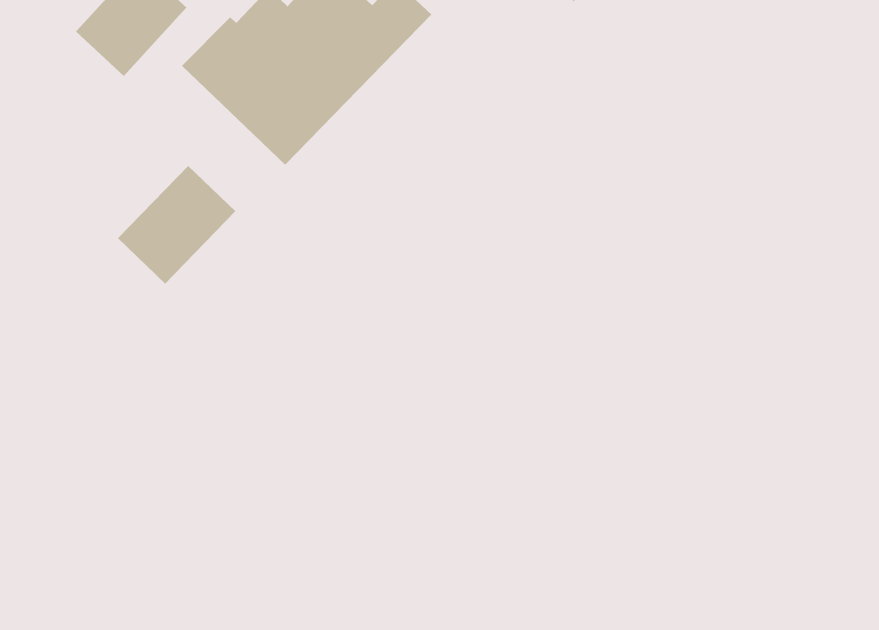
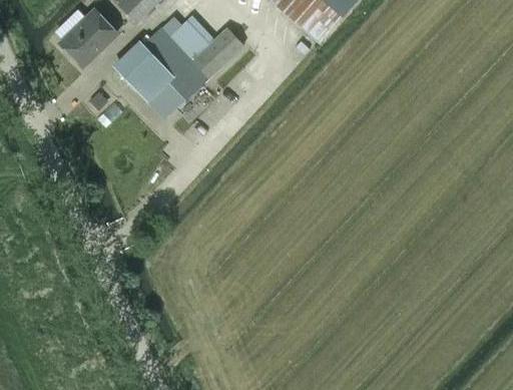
building: [117,165,236,284] -> none

